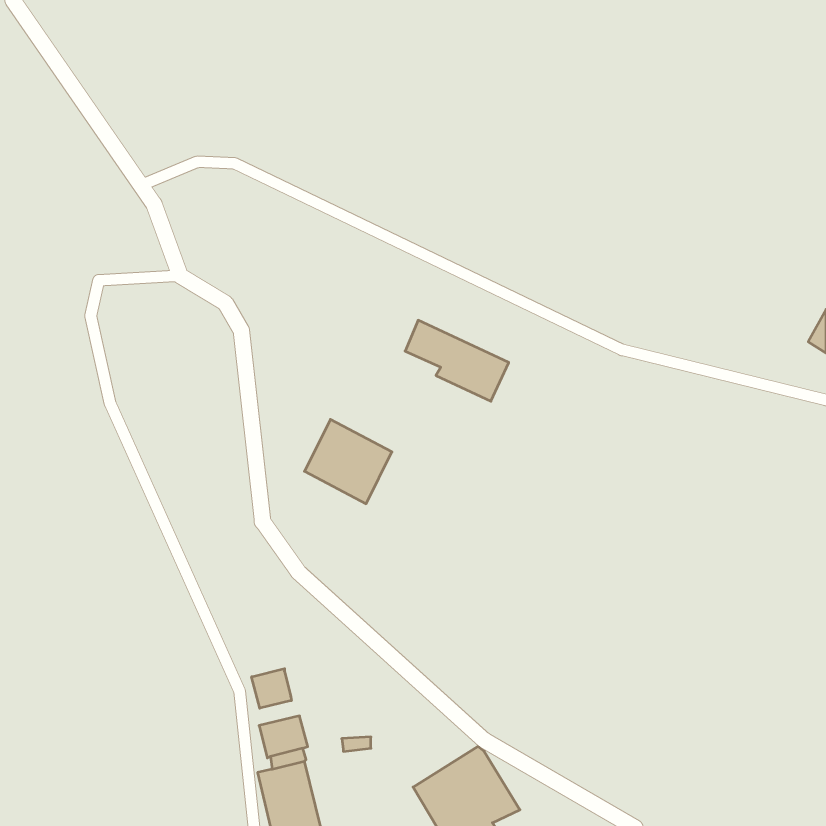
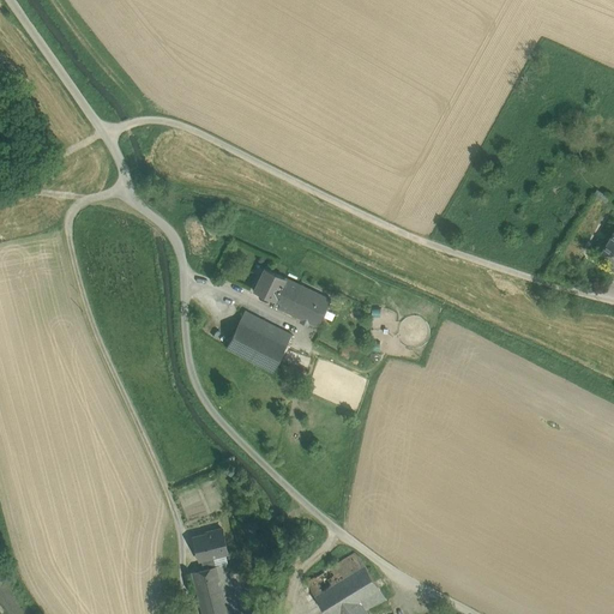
building: [405,320,509,401] -> [253,269,330,329]
building: [252,669,291,708] -> none

